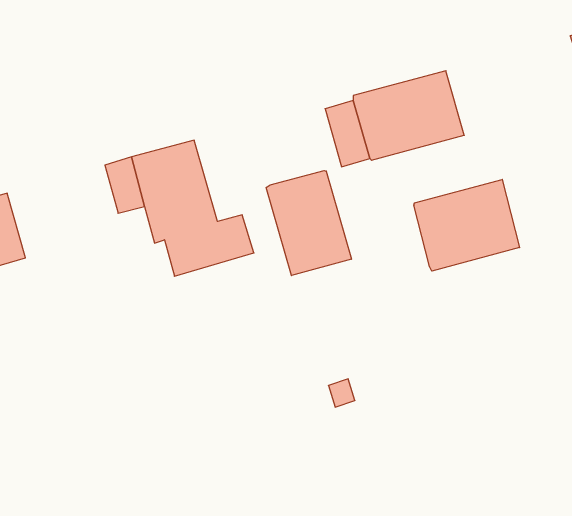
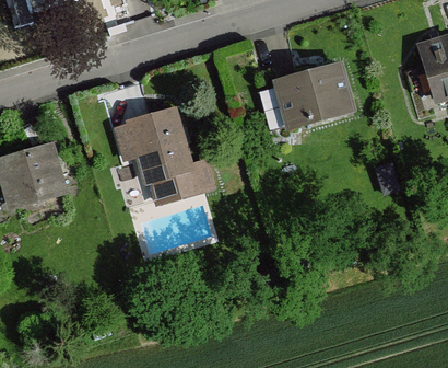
building: [266,171,351,276] -> none
building: [414,179,520,271] -> none

